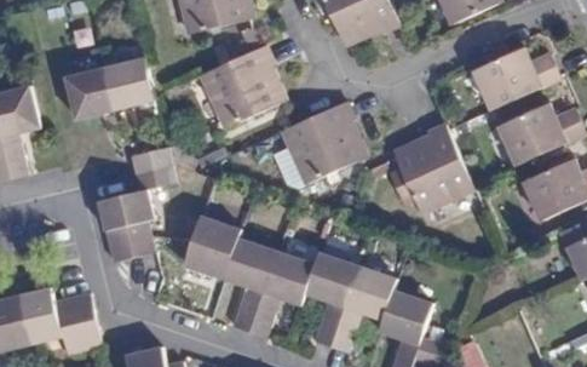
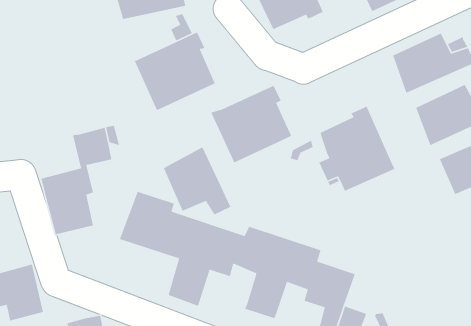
building: [65,55,156,119] -> none
building: none -> [163,146,231,216]

